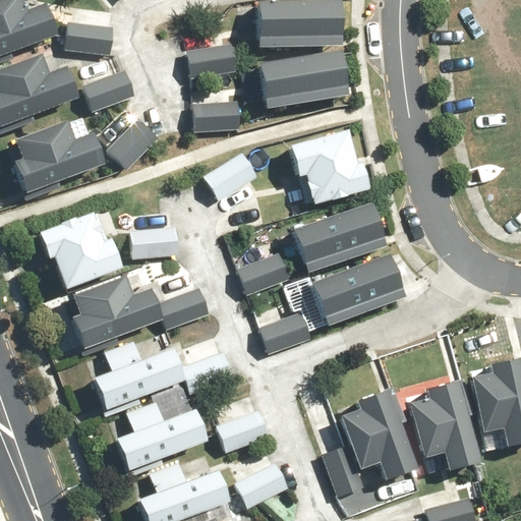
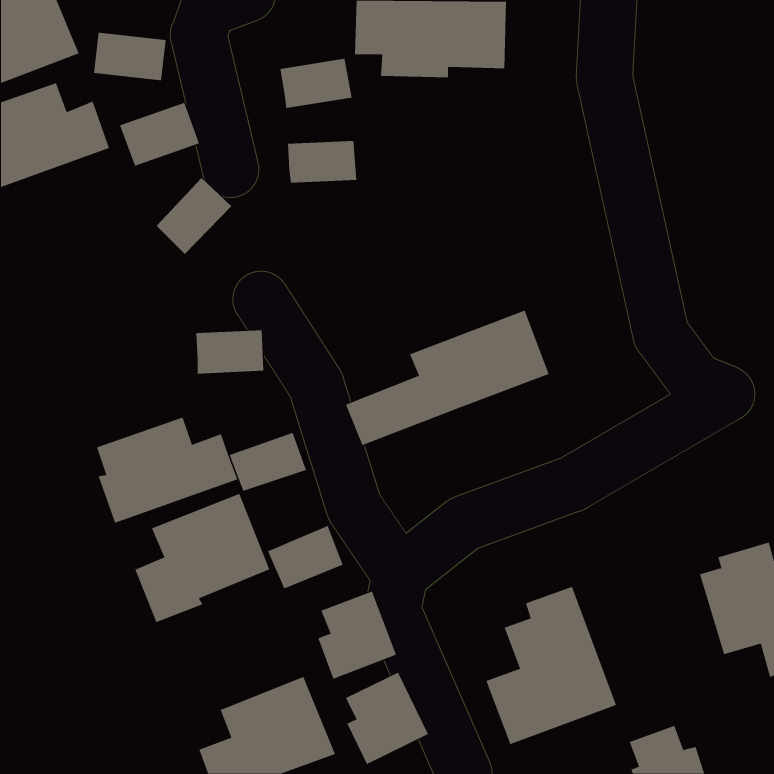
building: [259,53,347,109] -> none
building: [13,121,104,194] -> none
building: [286,132,373,208] -> none
building: [202,149,259,200] -> none
building: [40,211,122,290] -> none
building: [249,257,397,351] -> none
building: [411,383,483,472] -> none
building: [116,388,209,472] -> none

